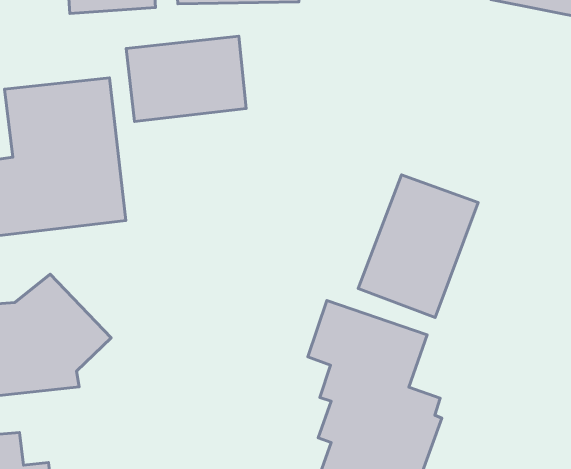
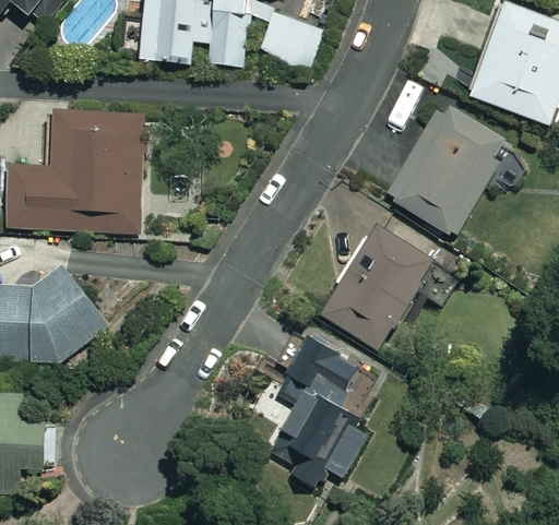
building: none -> [384,106,501,235]
building: [126,36,246,121] -> none

